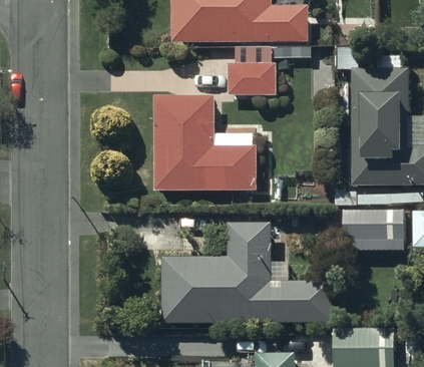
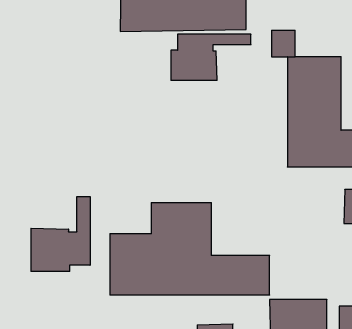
building: [156,96,257,190] -> none
building: [344,210,404,249] -> none
building: none -> [31,197,90,271]

